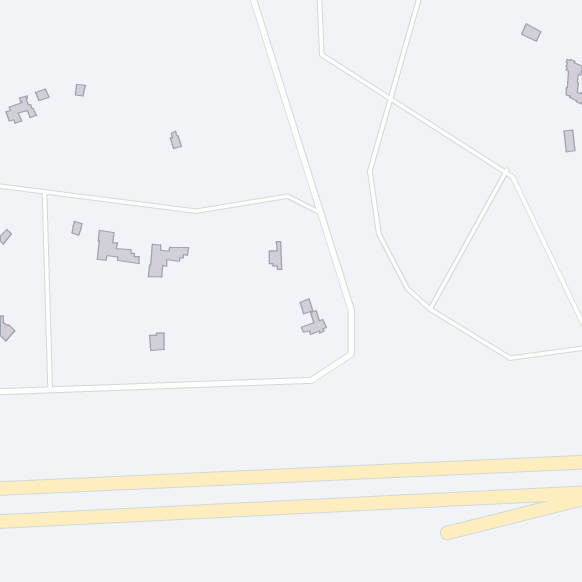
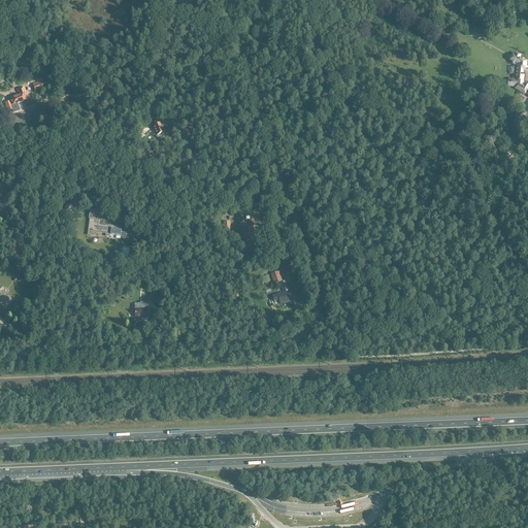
building: [149,244,189,277] -> none

